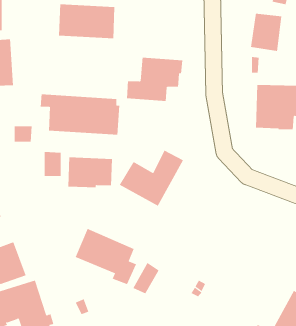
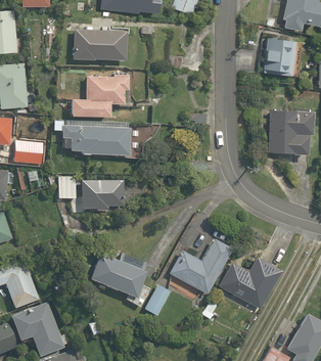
building: [126,57,183,102] -> [72,76,128,120]
building: [119,150,184,207] -> [170,239,234,296]
building: none -> [222,258,284,316]

